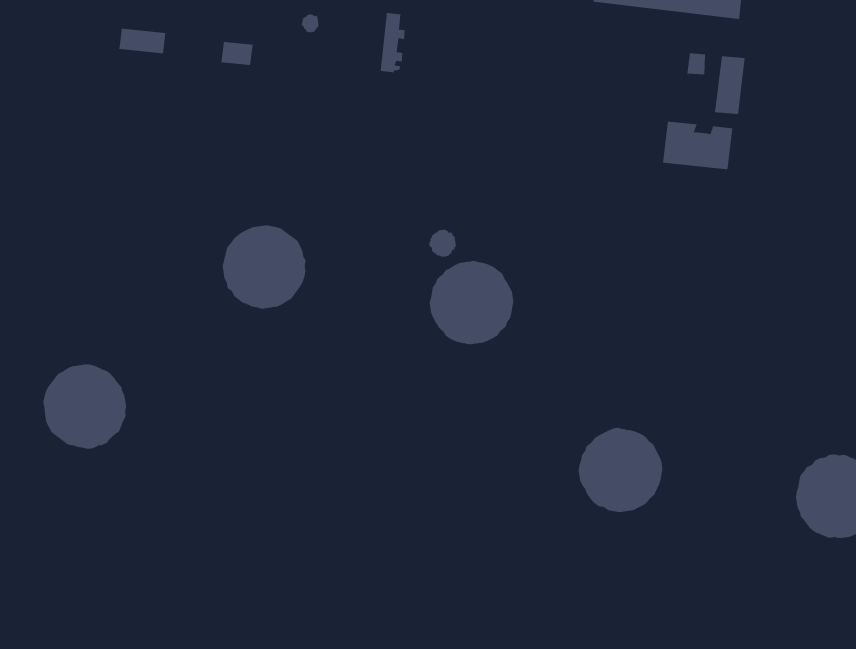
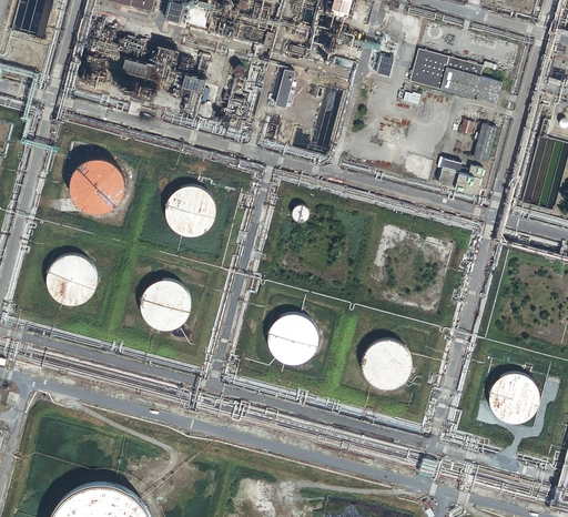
building: none -> [71,161,122,212]
building: [429,260,514,345] -> [266,313,317,363]
building: none -> [140,280,191,330]

